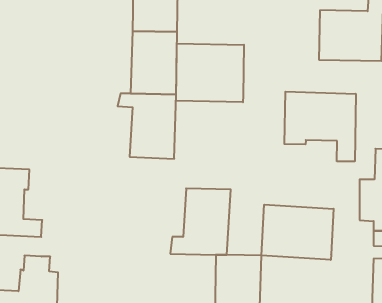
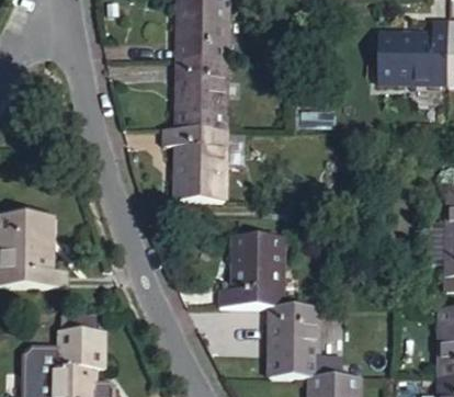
building: [176,43,244,102] -> none
building: [284,92,356,161] -> none
building: [261,205,334,260] -> none

